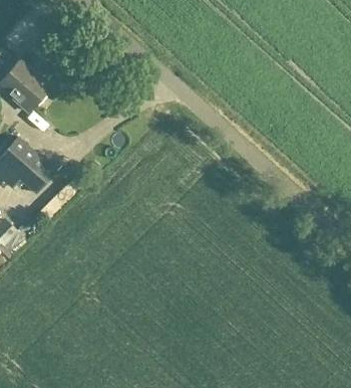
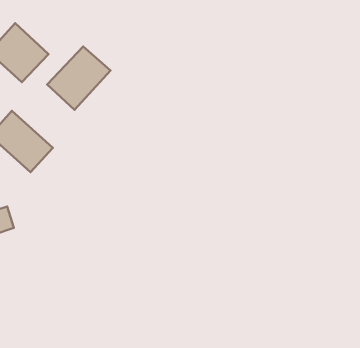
building: none -> [47,46,111,110]

